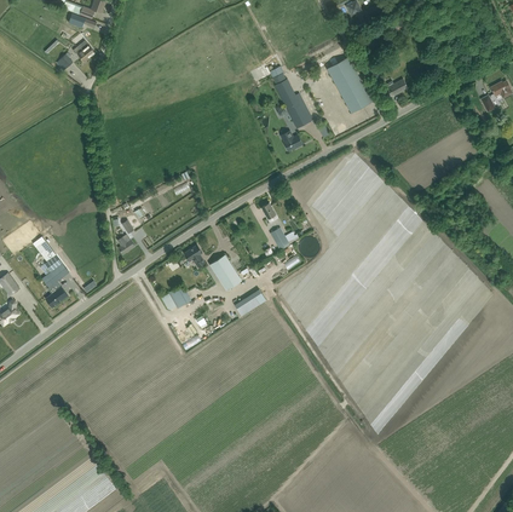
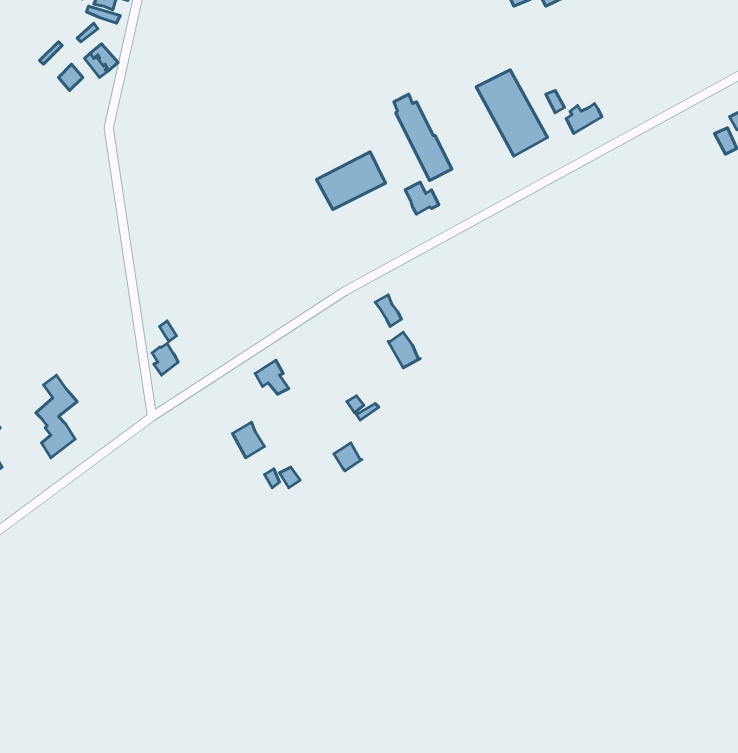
building: none -> [316,152,386,209]
building: [209,254,242,289] -> none

